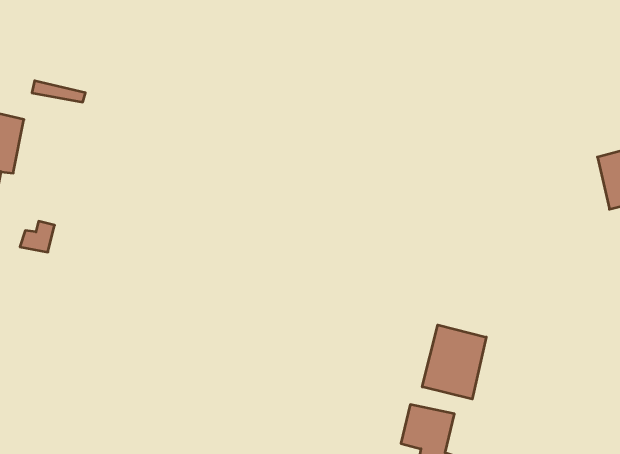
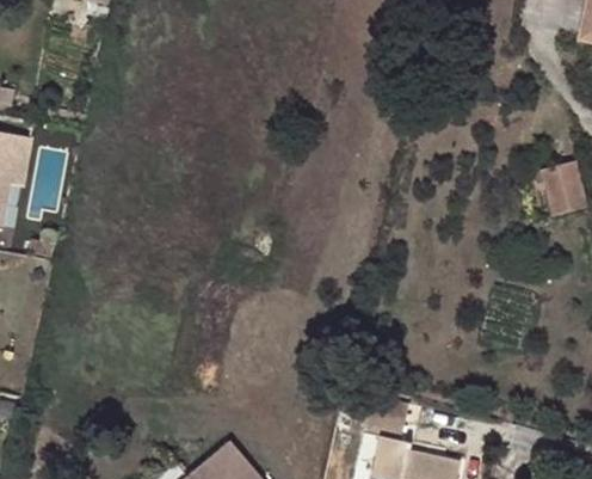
building: [422,325,486,399] -> none

